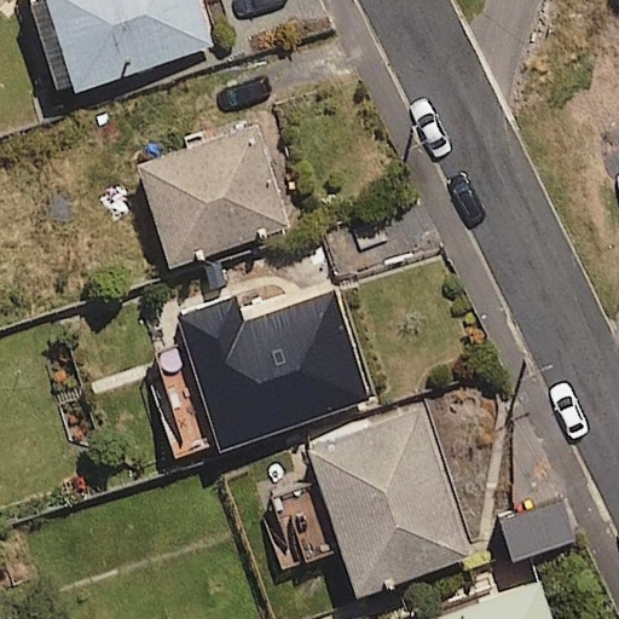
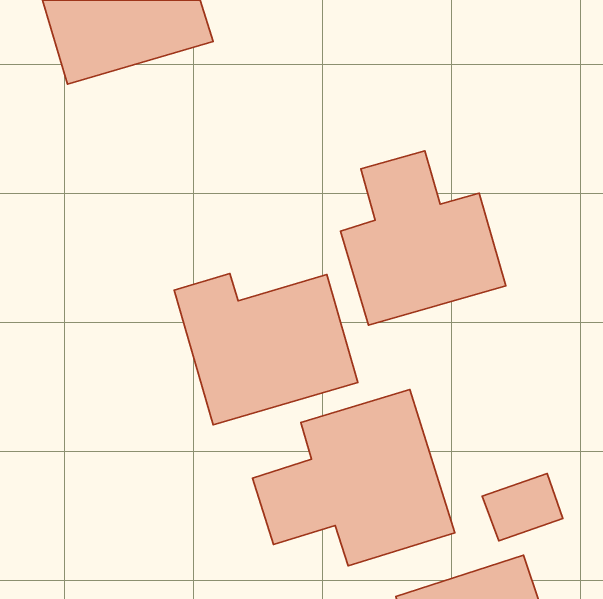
building: [139,132,288,271] -> none
building: none -> [340,151,506,325]

